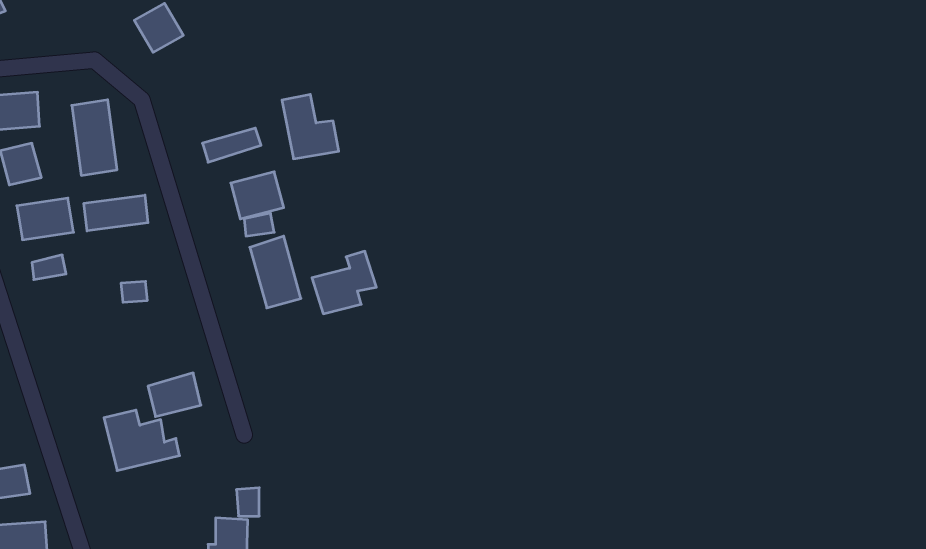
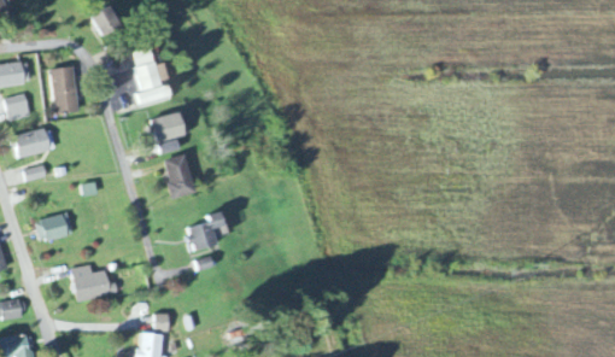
building: [282,94,339,159] -> [130,47,166,88]
building: [84,195,148,231] -> none
building: [312,251,376,314] -> [187,211,228,251]
building: [148,373,201,417] -> [35,213,69,241]

